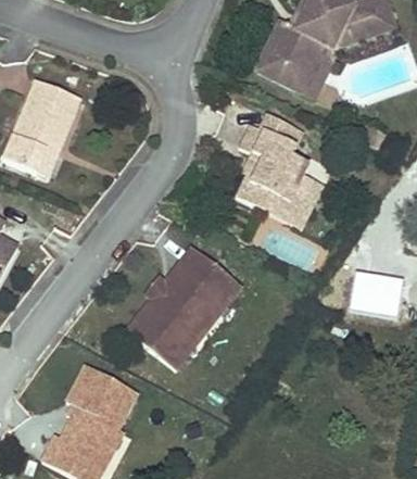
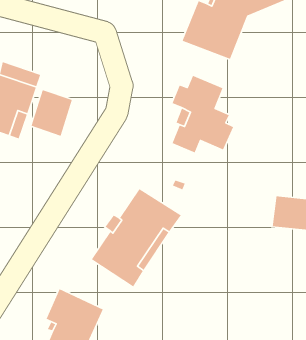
building: none -> [30,89,73,137]
building: [263,180,323,229] -> none

